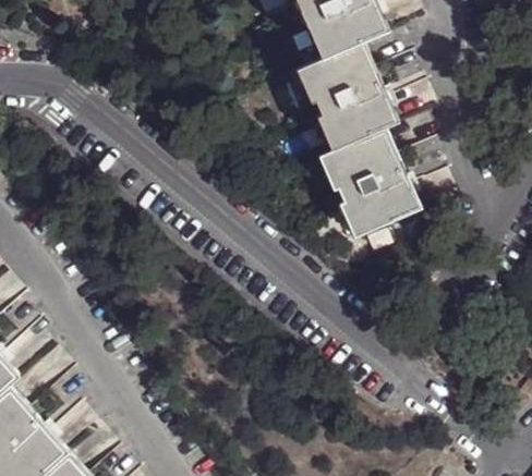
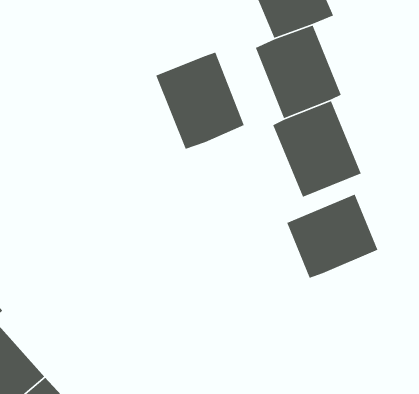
building: none -> [155,52,245,150]
building: none -> [286,193,379,279]

